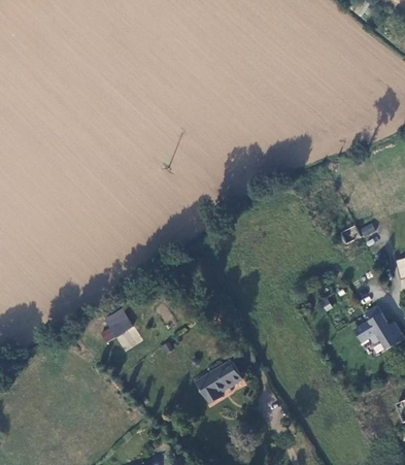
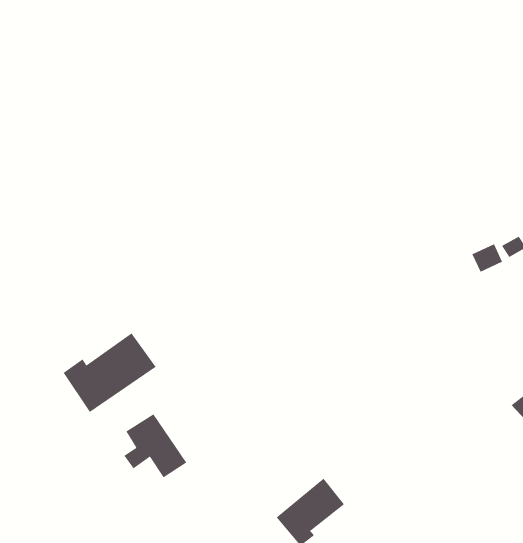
building: none -> [63,332,156,413]

